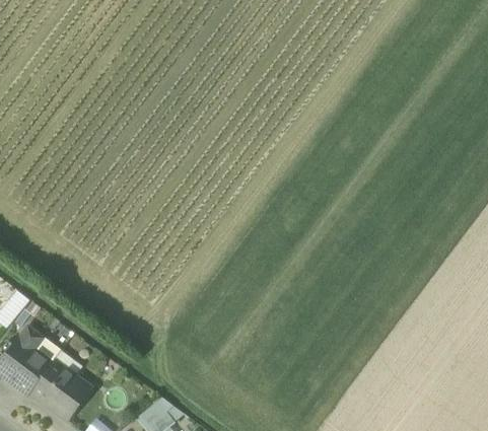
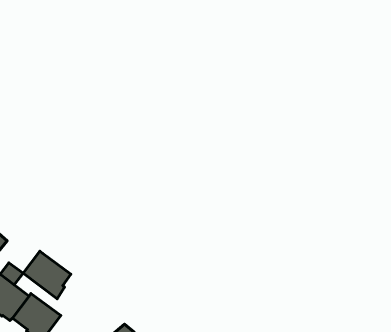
building: none -> [23,251,71,299]

